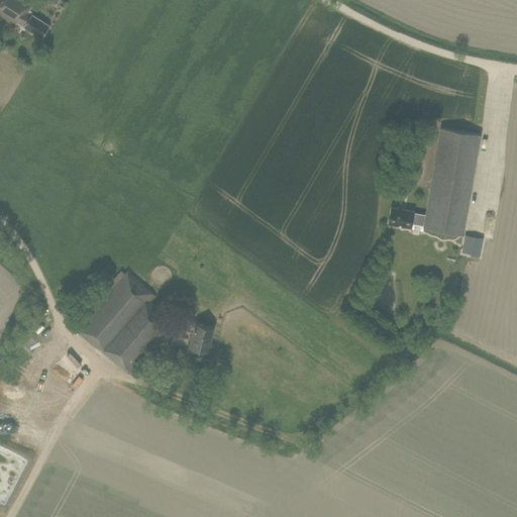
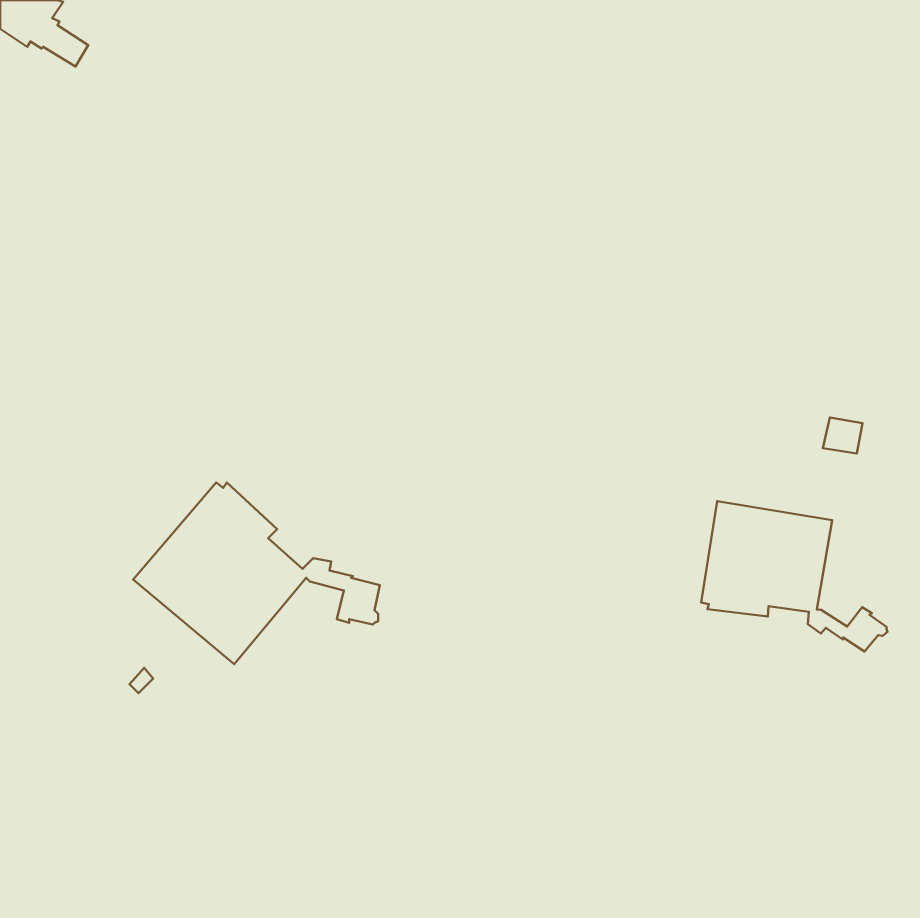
building: [388,128,481,234] -> none
building: none -> [701,501,887,652]

